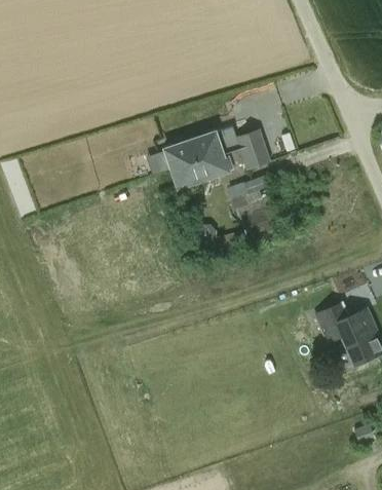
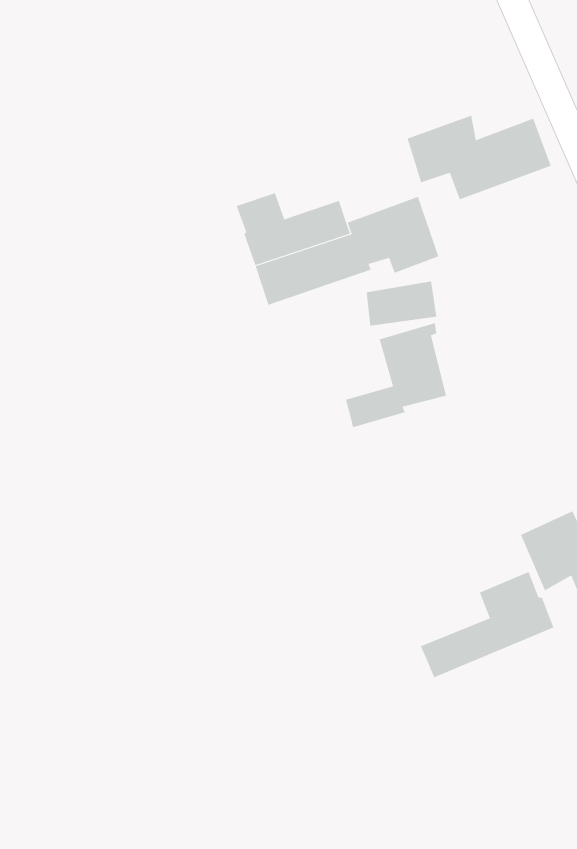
building: none -> [407,115,551,200]
building: none -> [420,571,554,678]

